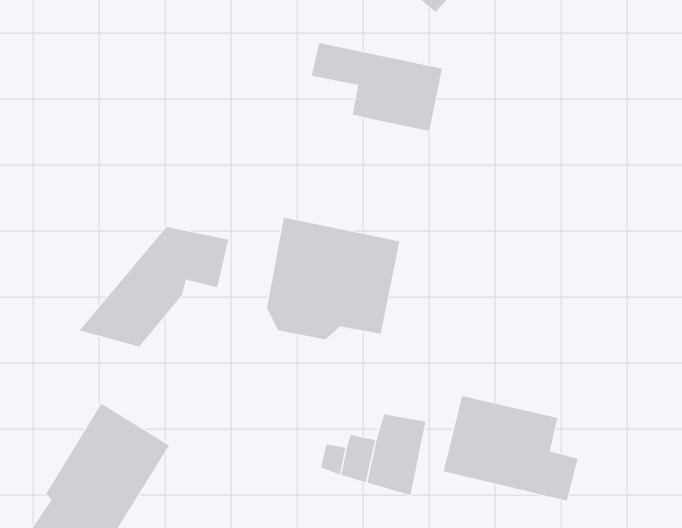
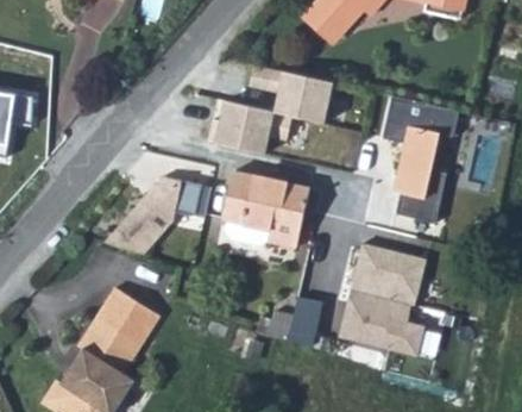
building: none -> [218,96,294,149]
building: none -> [379,96,455,223]
building: none -> [347,242,423,302]

